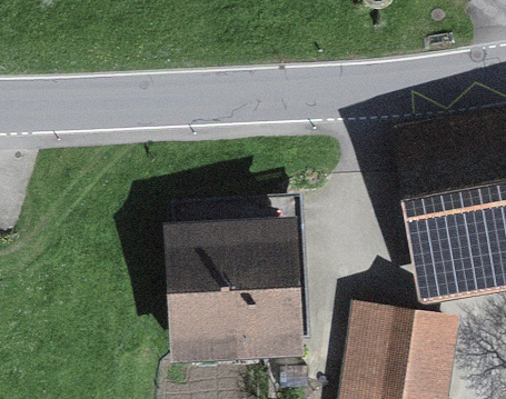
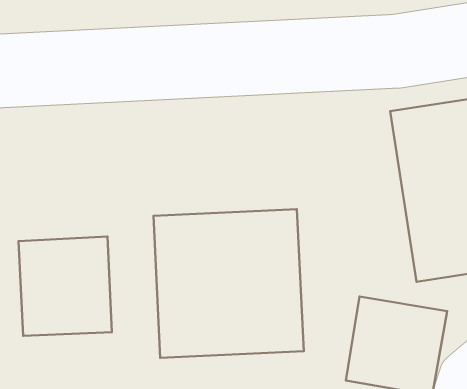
building: none -> [19,236,112,336]

